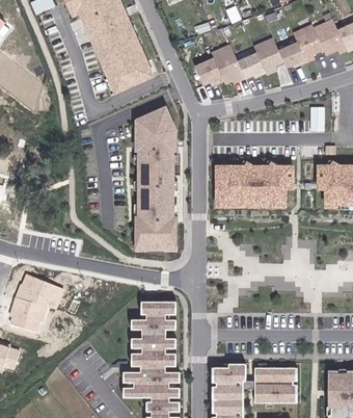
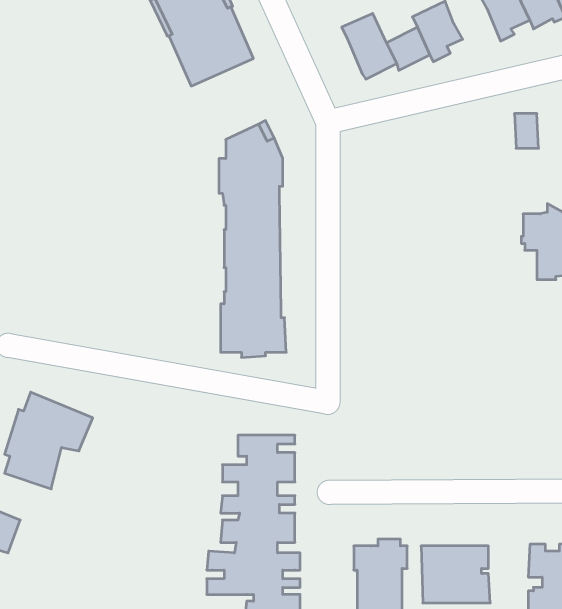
building: [276,44,304,70] -> none
building: [193,61,221,88] -> none
building: [216,164,293,209] -> none

